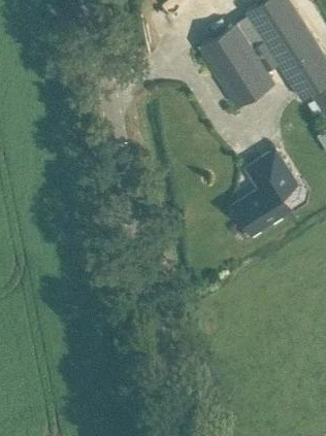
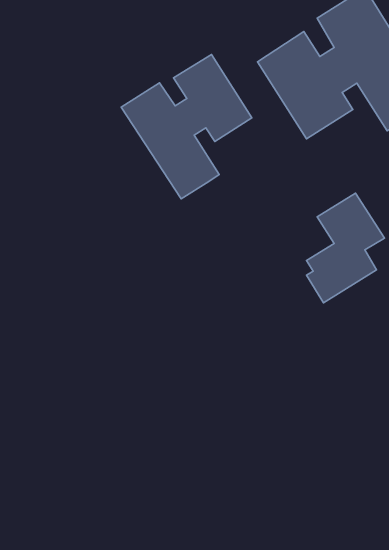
building: none -> [121,55,252,199]

